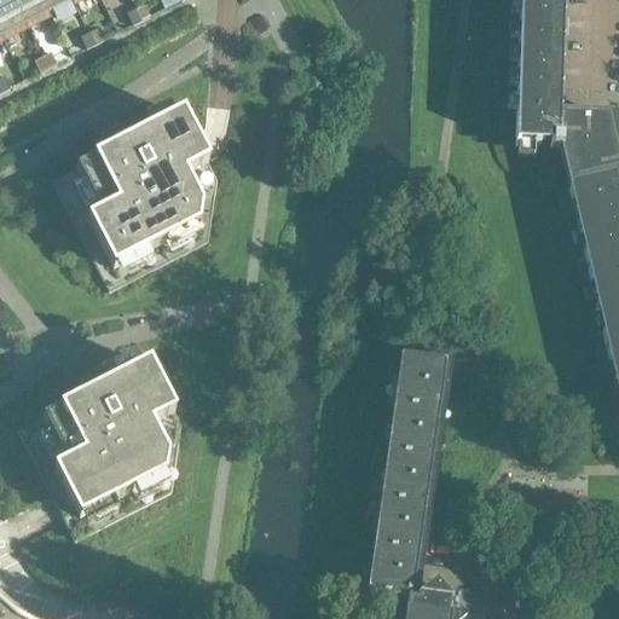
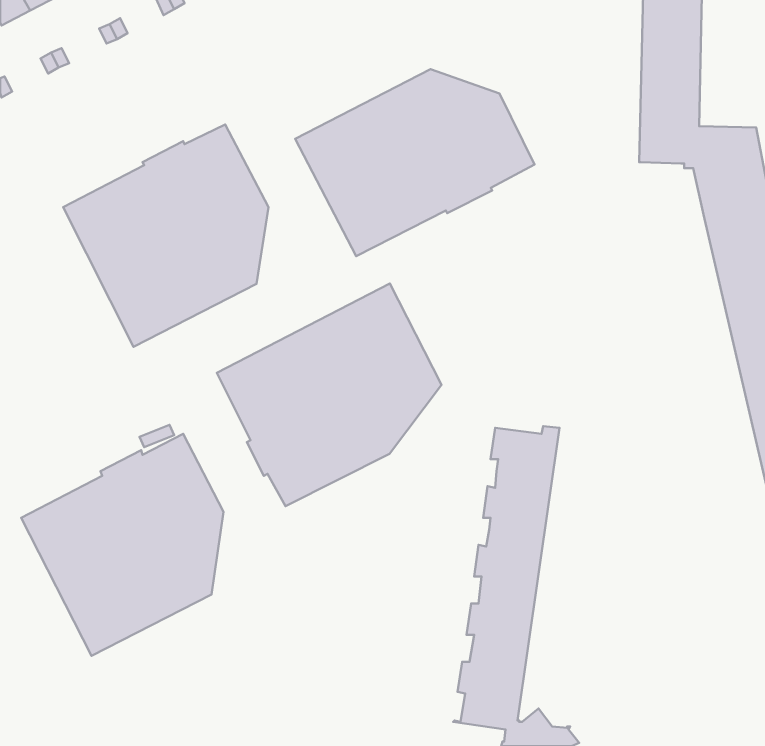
building: none -> [295,69,534,256]
building: none -> [217,283,442,506]

